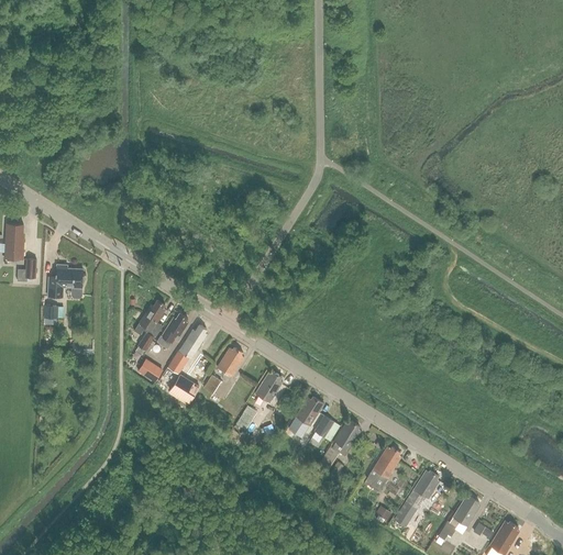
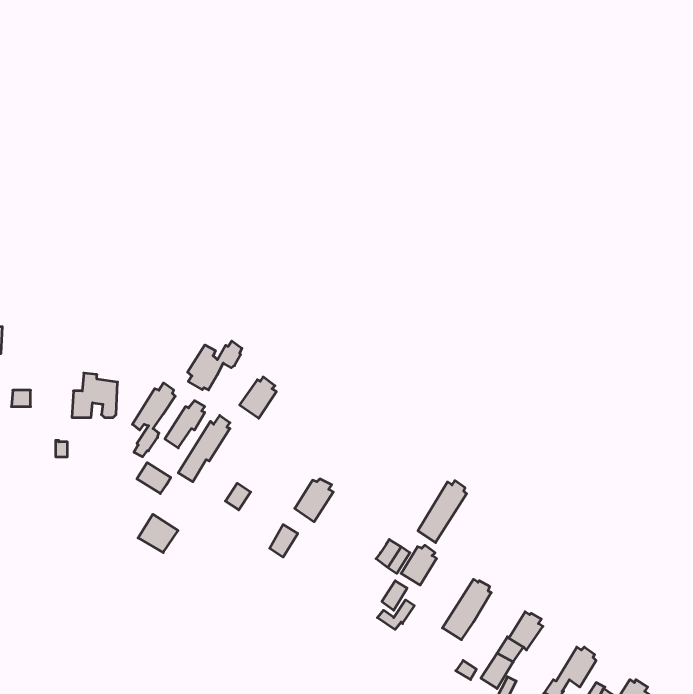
building: [47,264,81,297] -> [72,373,118,417]
building: none -> [188,341,242,390]
building: [216,346,243,377] -> [240,377,276,418]
building: [168,374,198,402] -> [138,514,178,553]
building: [285,397,321,443] -> [418,481,467,543]

